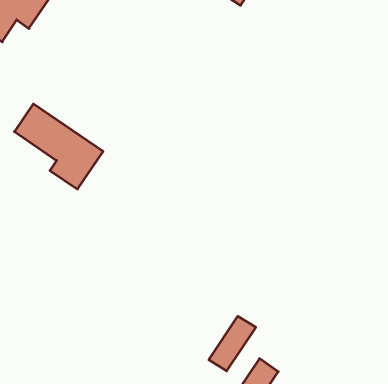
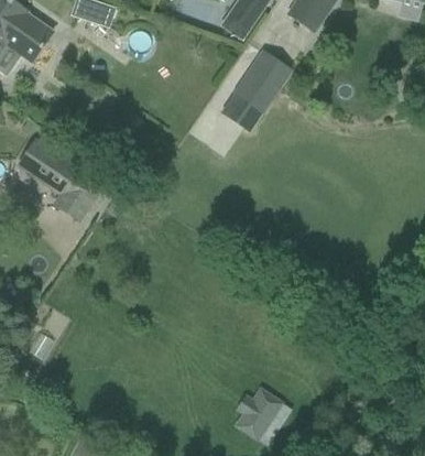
building: none -> [222,52,284,130]
building: [209,316,256,371] -> none

